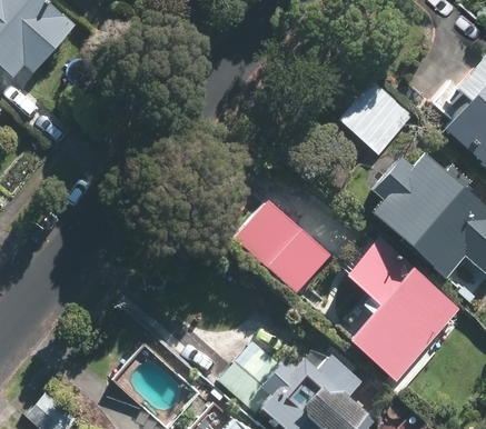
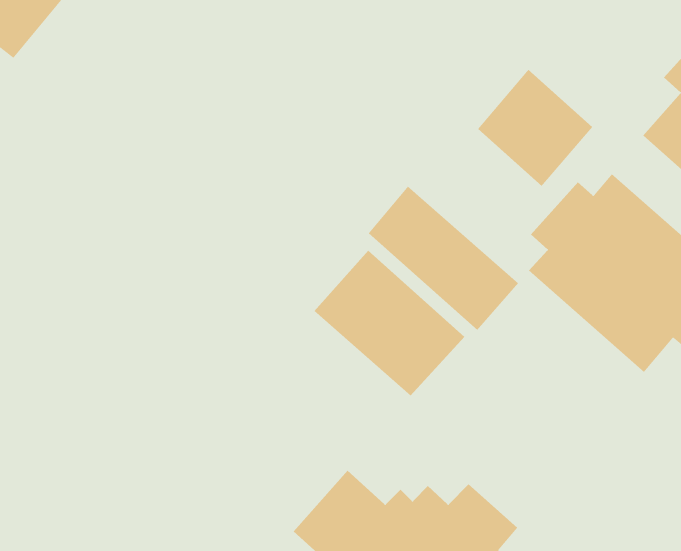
building: none -> [368,186,519,331]
building: [347,237,460,382] -> none

